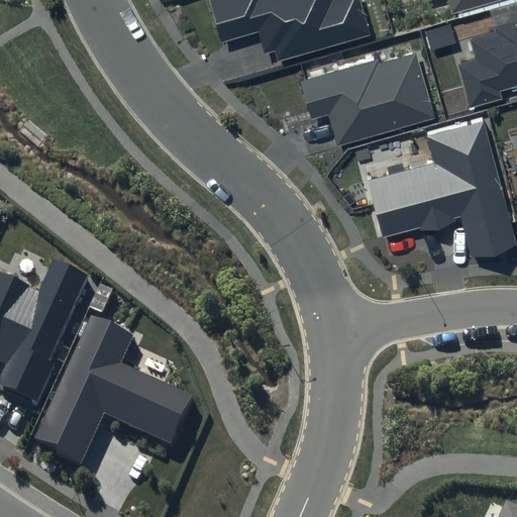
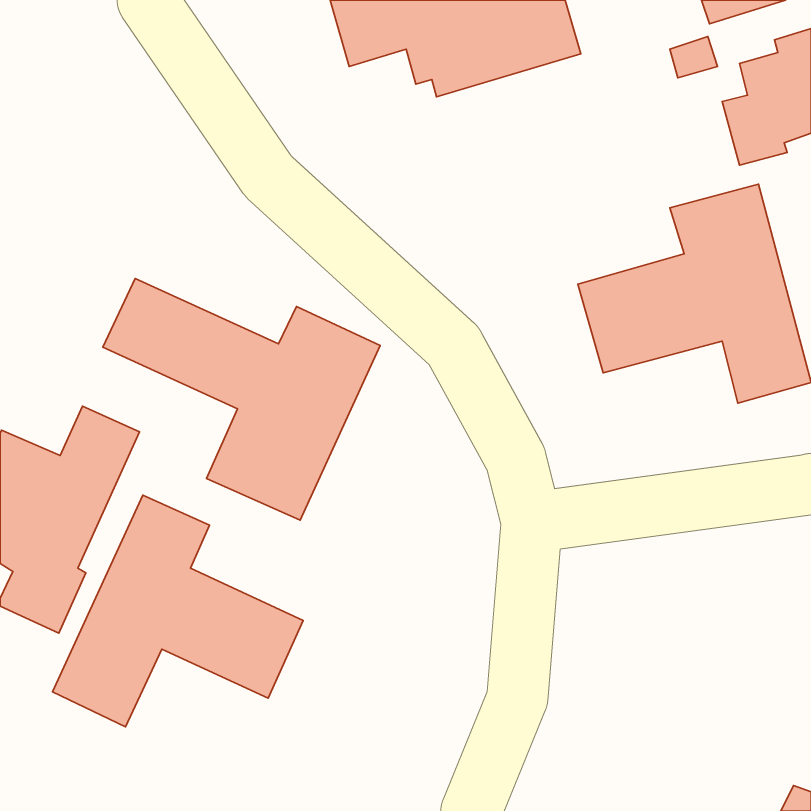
building: [301,54,433,144] -> none
building: none -> [103,279,380,520]

